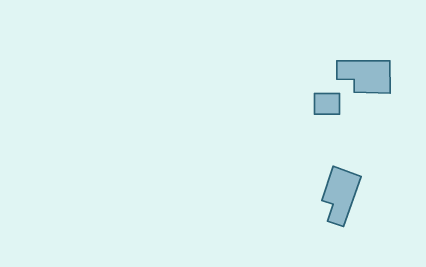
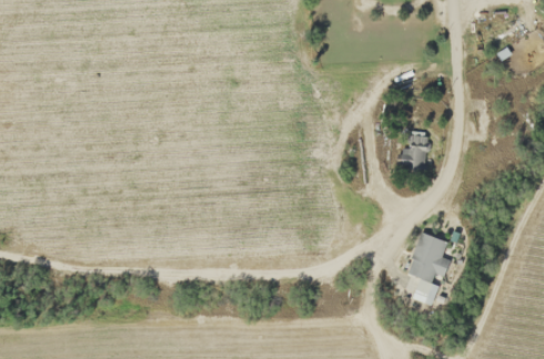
building: [337,61,390,93] -> none

